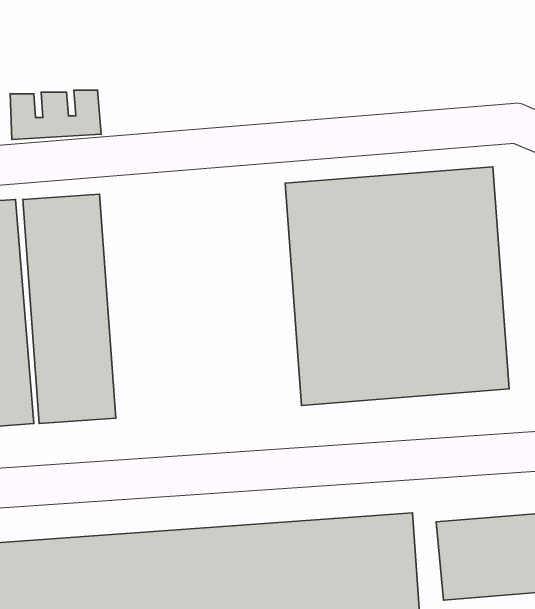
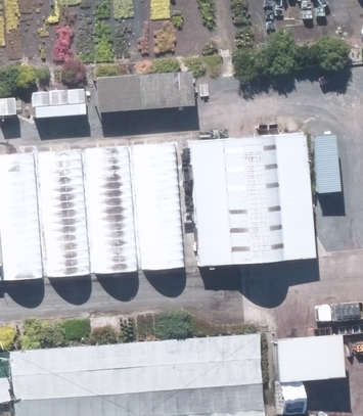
building: none -> [97,72,194,114]
building: none -> [139,141,191,270]
building: none -> [89,146,142,275]

